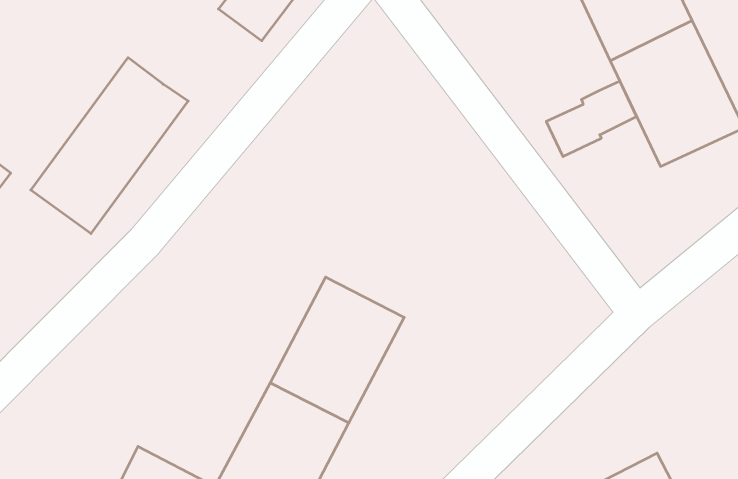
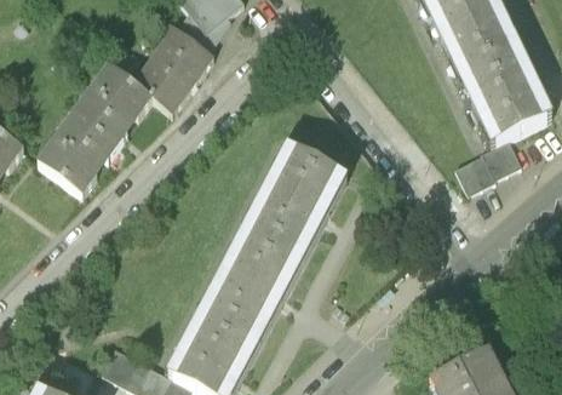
building: none -> [131,27,210,109]
building: [546,81,637,157] -> [453,133,518,188]
building: none -> [248,144,344,250]

